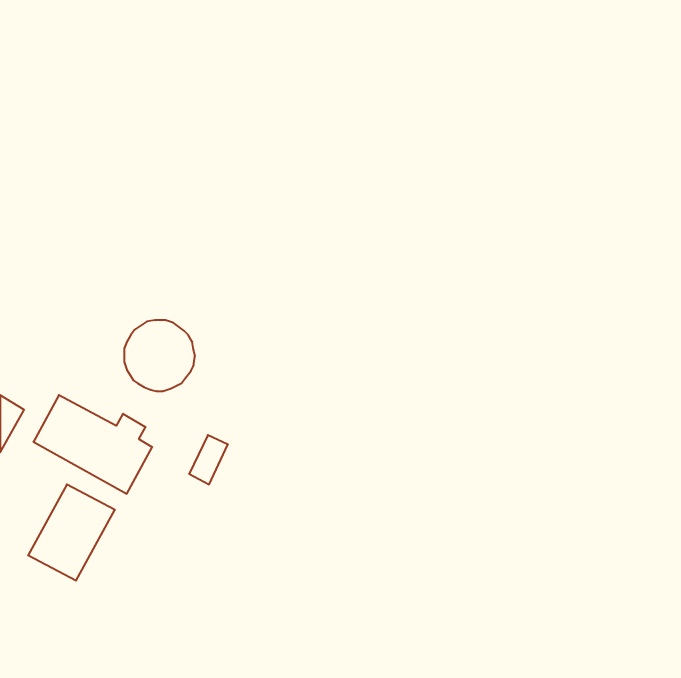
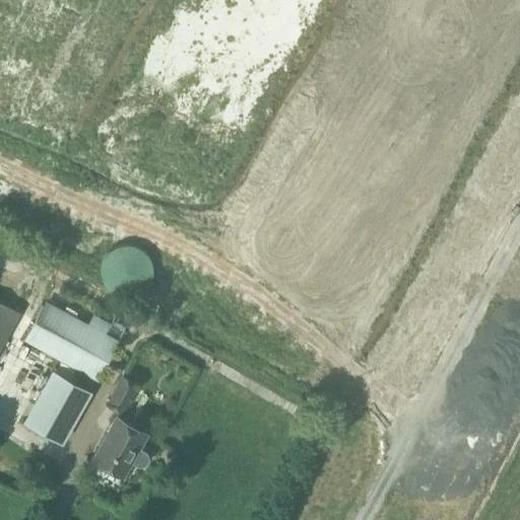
building: [189,435,228,484] -> [108,378,137,415]
building: none -> [95,418,149,476]

